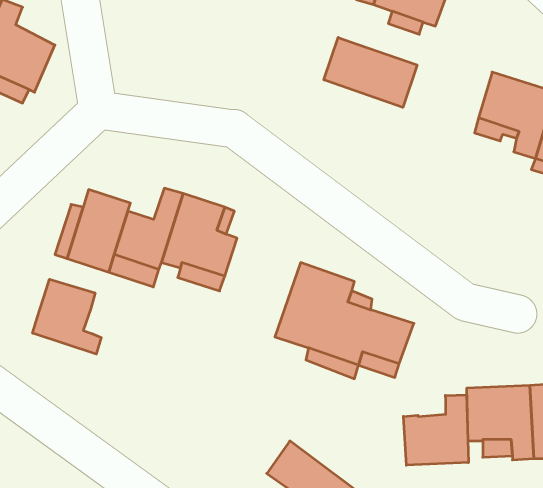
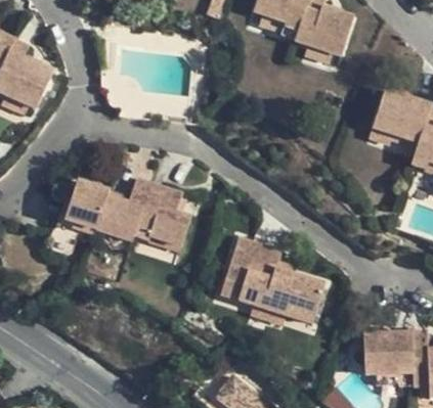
building: [324,37,417,107] -> none
building: [33,279,101,354] -> none
building: [403,395,468,465] -> none

